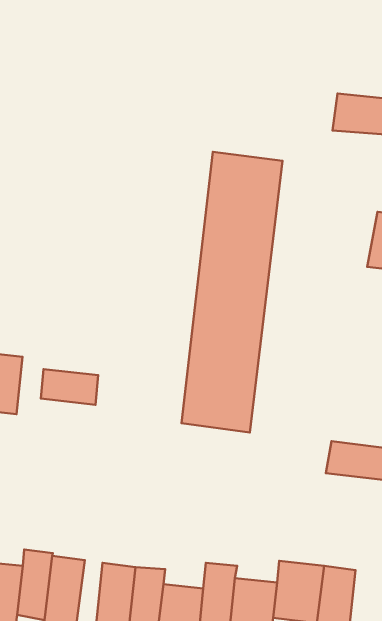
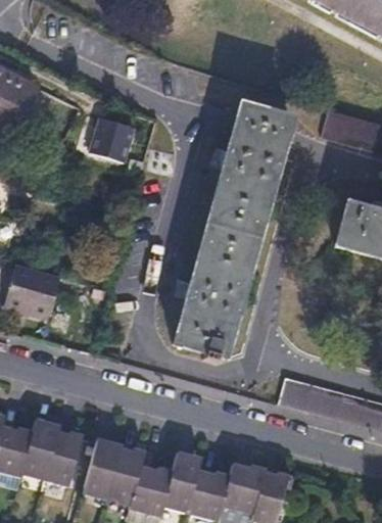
building: none -> [230,106,292,156]
building: none -> [88,116,135,168]
building: [41,369,98,405] -> none

